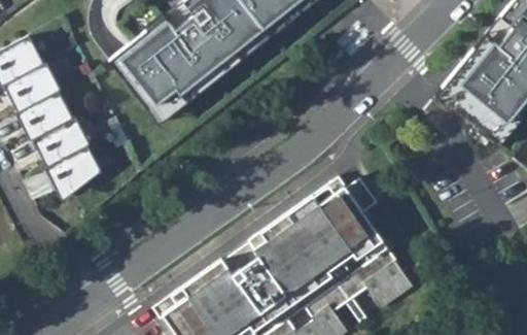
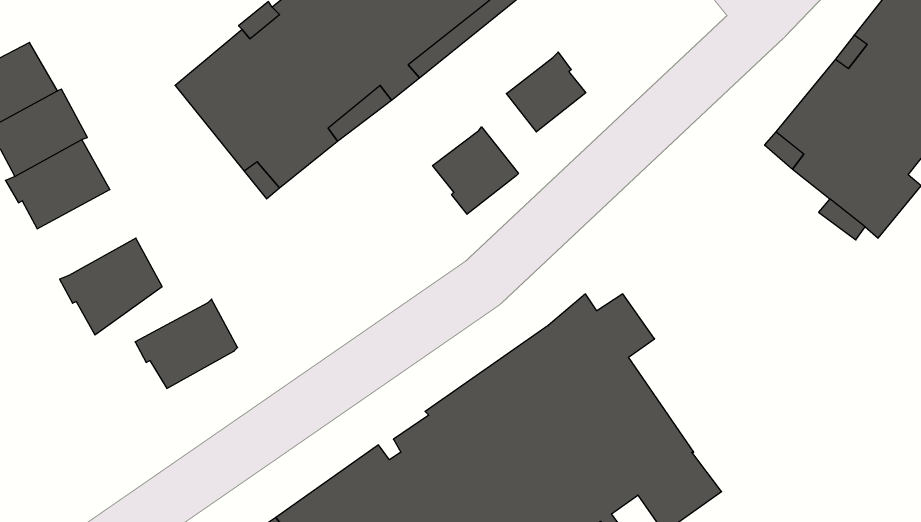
building: none -> [506,52,586,132]
building: none -> [433,127,518,214]
building: [34,116,91,166] -> [135,299,238,388]

